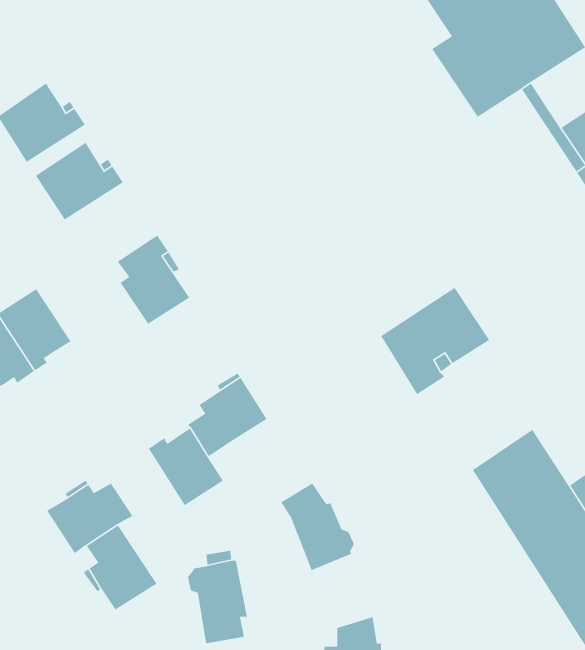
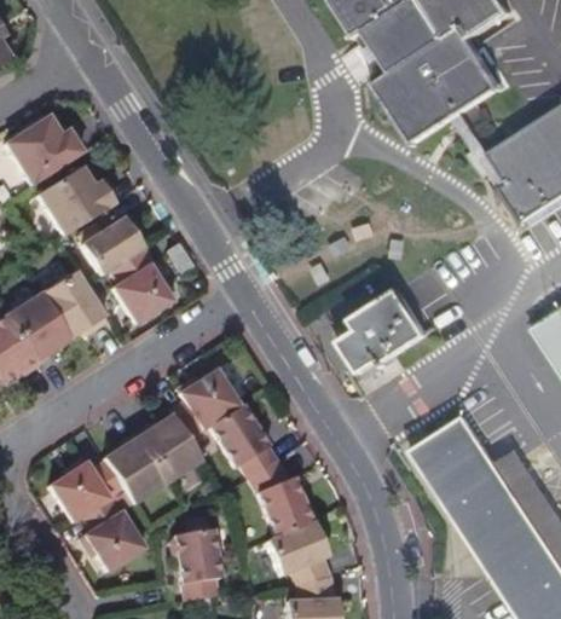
building: none -> [80,215,144,276]
building: none -> [40,271,106,339]
building: none -> [208,404,277,476]
building: none -> [103,430,167,502]
building: none -> [266,520,329,584]

